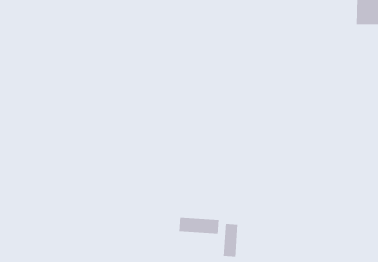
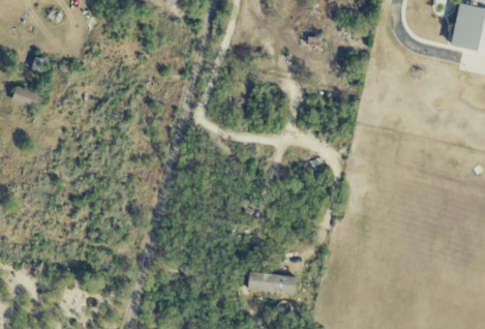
building: [223,223,238,257] -> none

